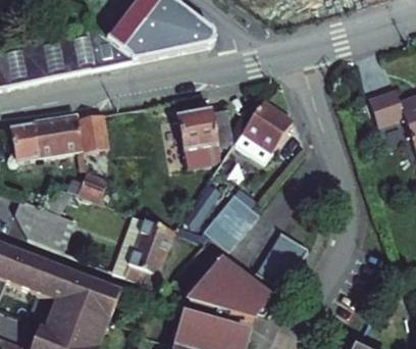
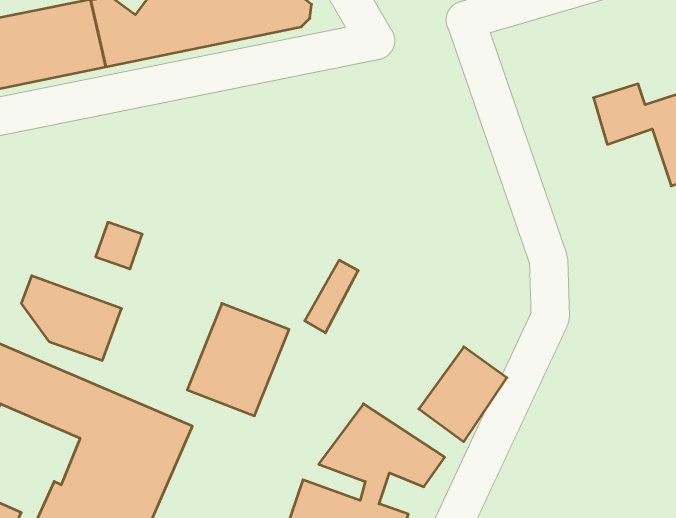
building: [242,101,291,150] -> none
building: [19,114,115,158] -> none
building: [173,116,223,176] -> none
building: [206,201,261,259] -> none

